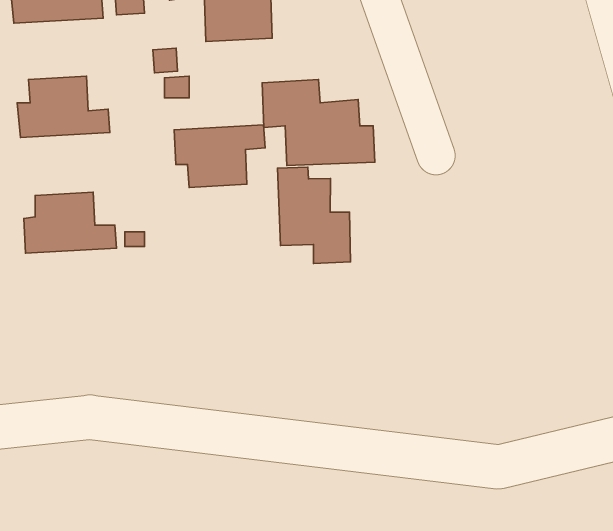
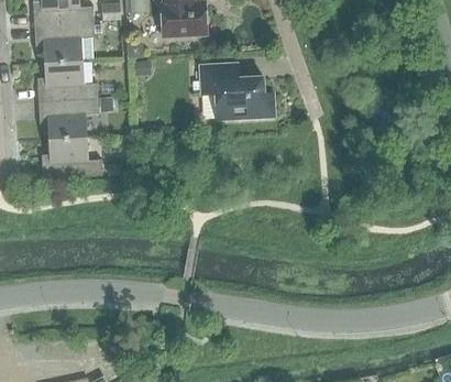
building: none -> [34,22,95,63]
building: [174,125,265,188] -> [38,98,99,140]
building: [277,167,350,263] -> none

